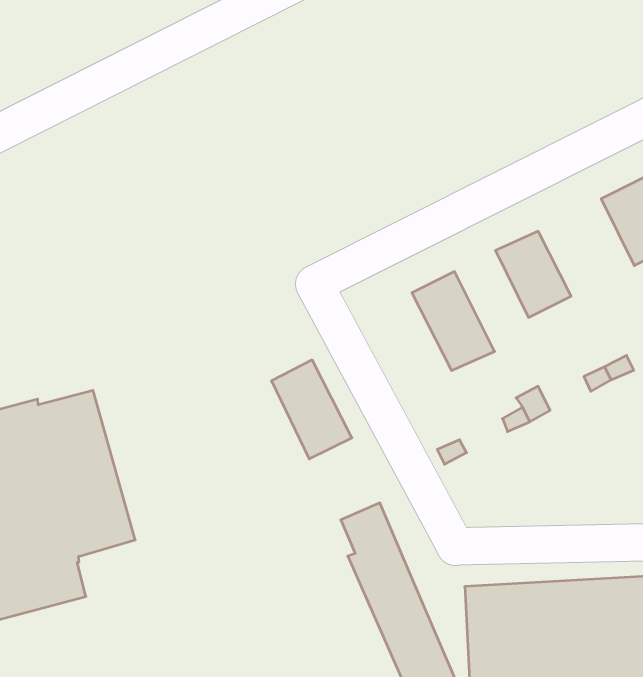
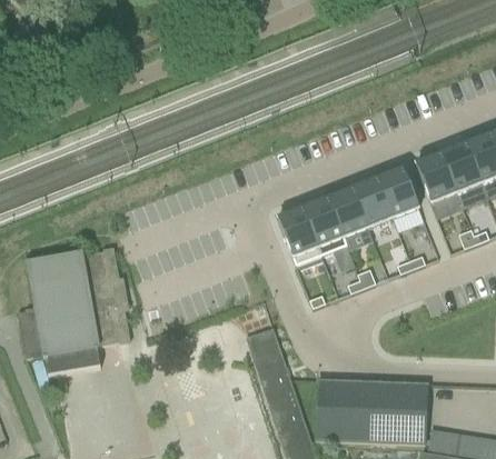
building: none -> [377,167,418,217]
building: none -> [327,187,367,245]
building: [271,360,352,459] -> [277,207,320,263]

